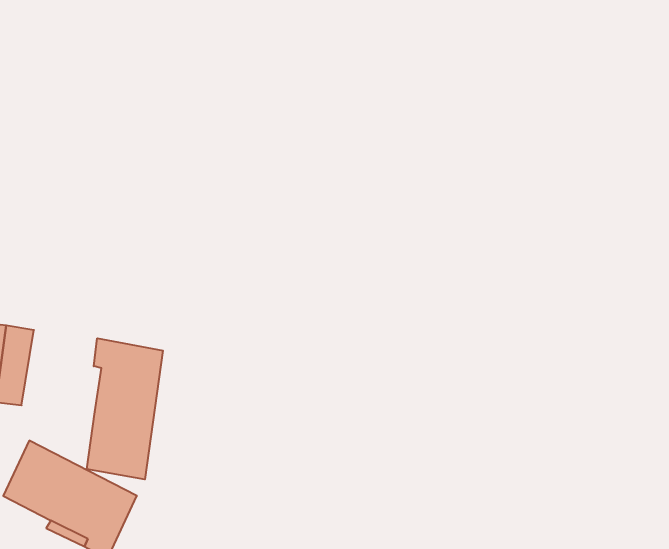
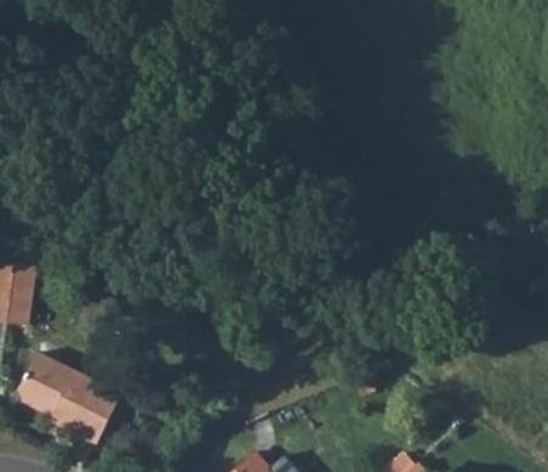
building: [87,338,163,479] -> none

